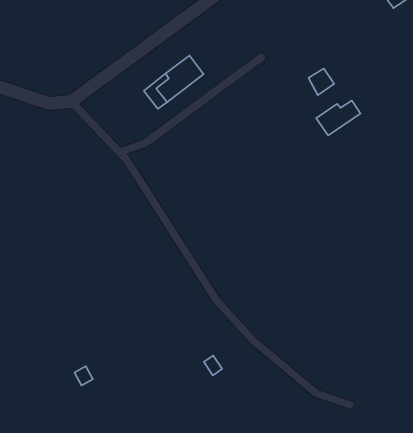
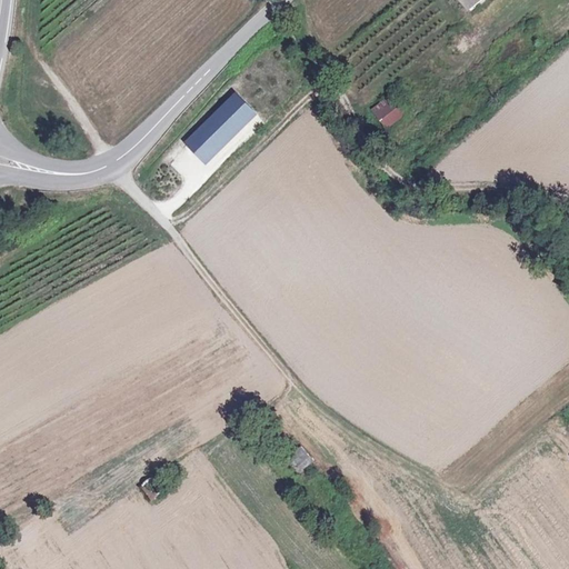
building: [316,100,361,135] -> none

